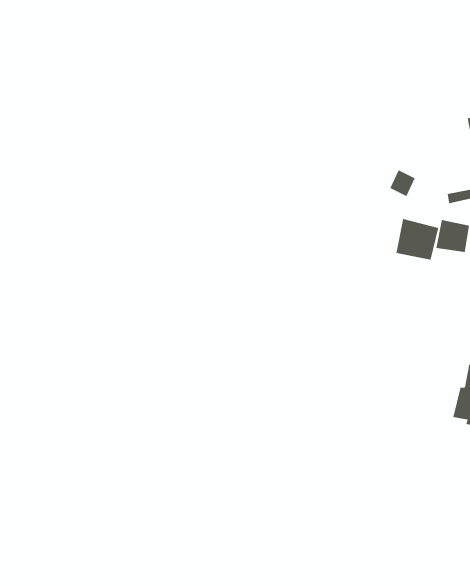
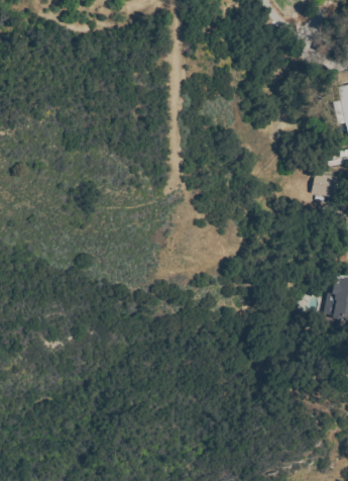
building: [396,218,439,261] -> none

